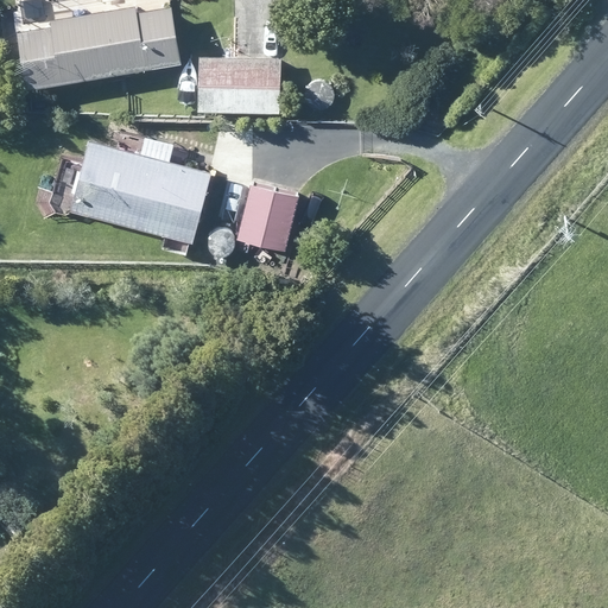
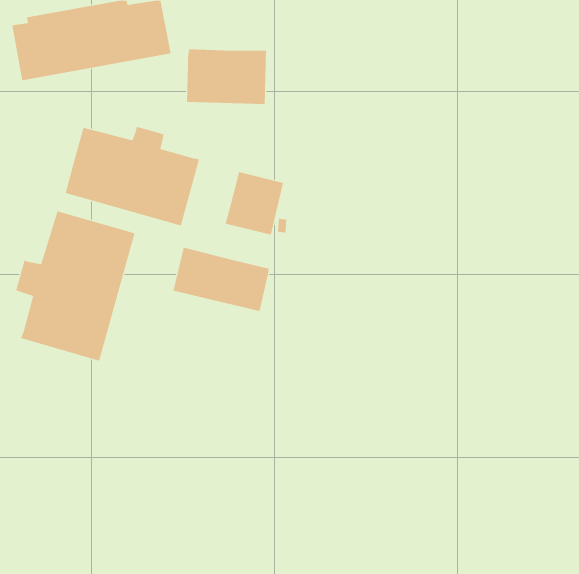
building: none -> [16,211,135,362]
building: none -> [173,247,269,312]

